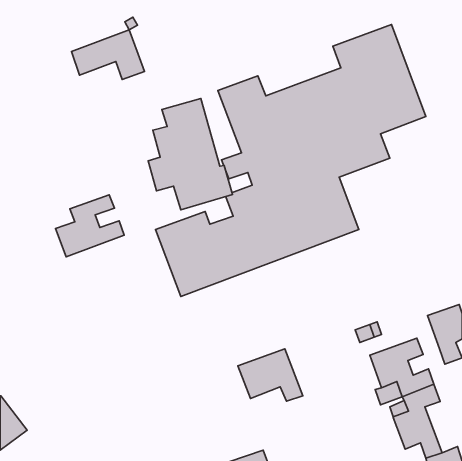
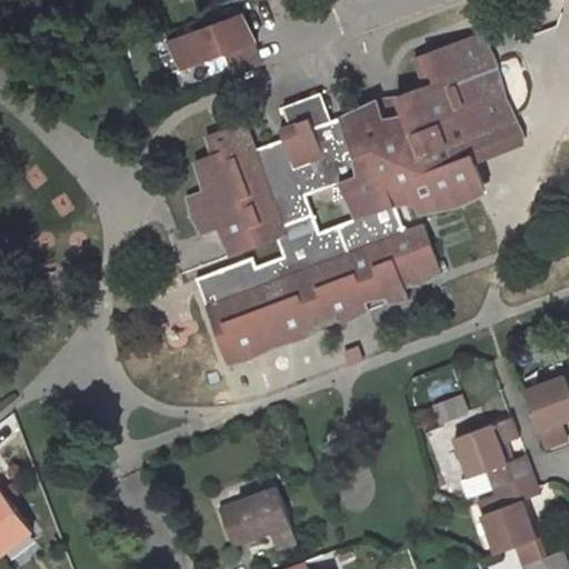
building: [71,30,145,80] -> [171,14,261,76]
building: [56,195,124,257] -> none
building: [238,349,303,401] -> [219,486,299,550]

